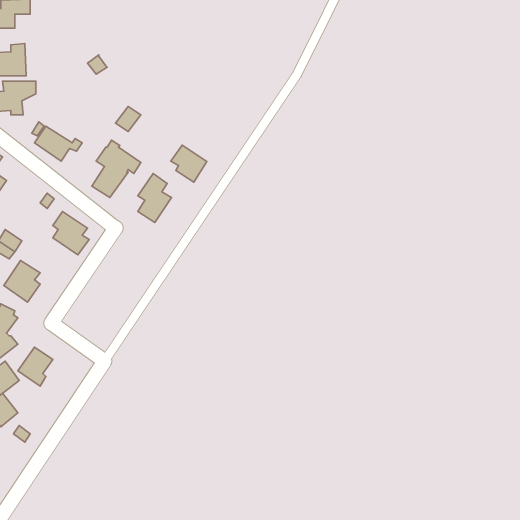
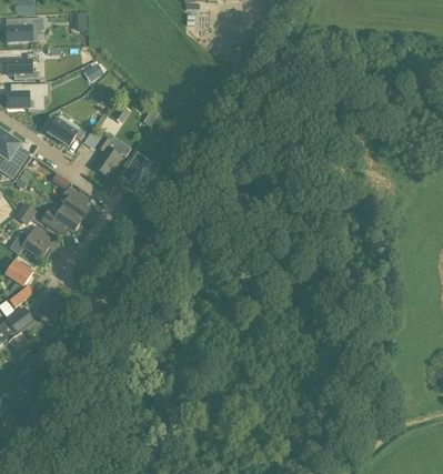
building: [171,145,207,182] -> none
building: none -> [41,206,80,234]

